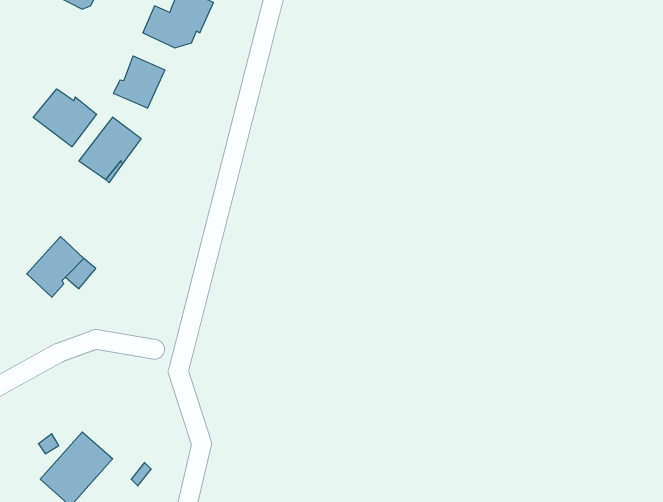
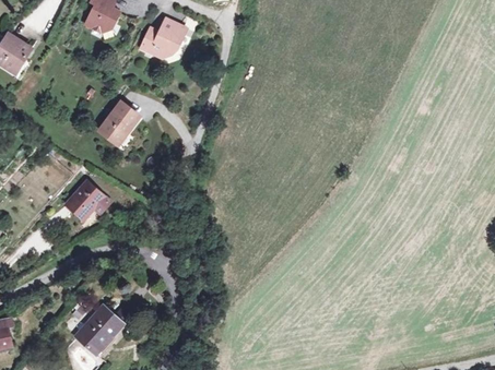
building: [114,56,165,108] -> none
building: [33,89,97,147] -> none

